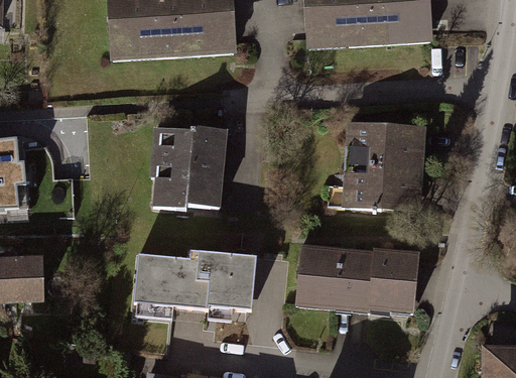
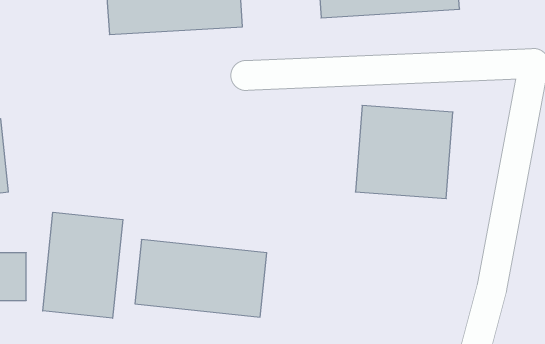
building: [150,129,226,211] -> none
building: none -> [43,212,123,318]
building: [298,246,419,318] -> none

